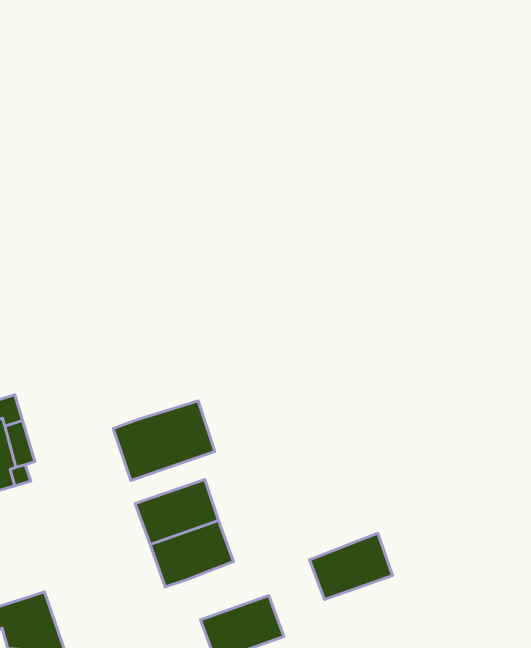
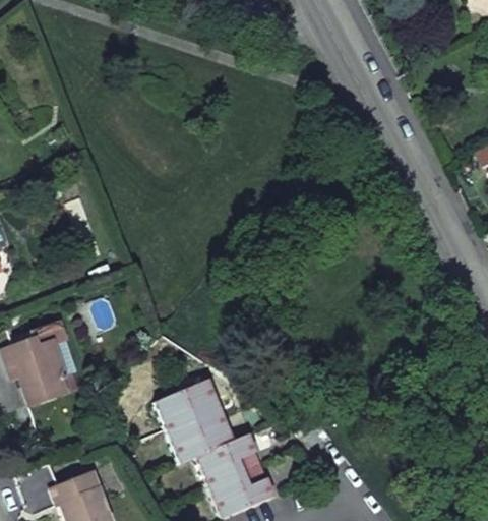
building: [113,401,215,480] -> none
building: [309,533,393,599] -> [197,433,261,486]

